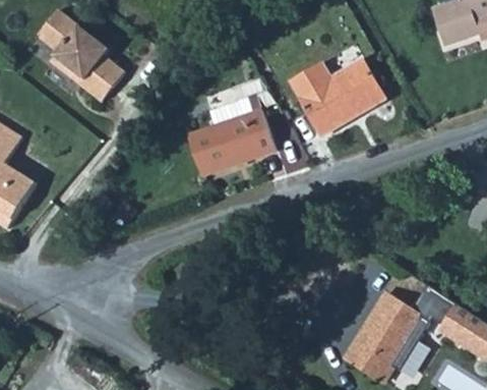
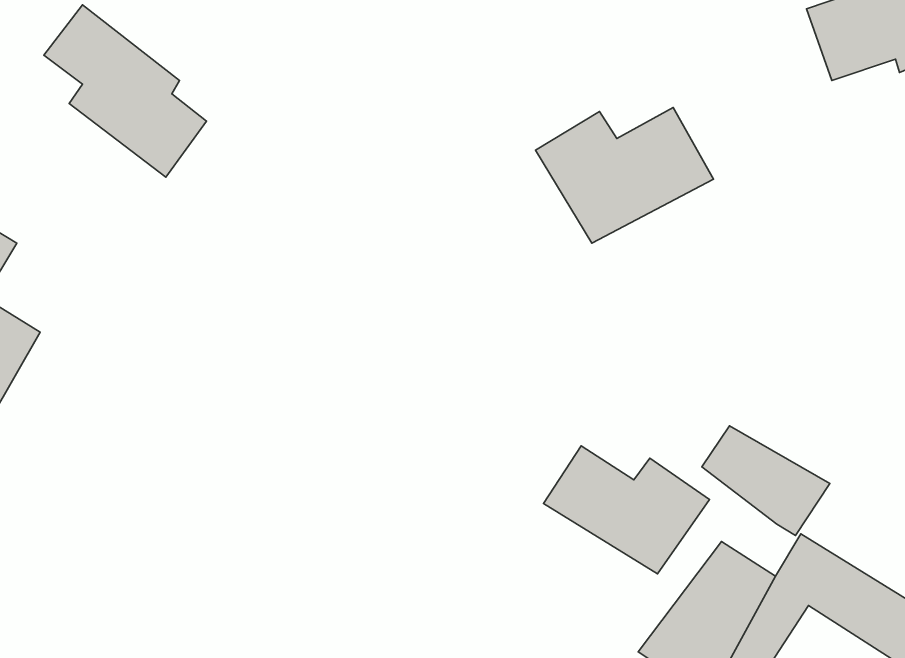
building: [185,104,275,177] -> none
building: none -> [702,426,830,535]
building: none -> [543,446,710,574]

